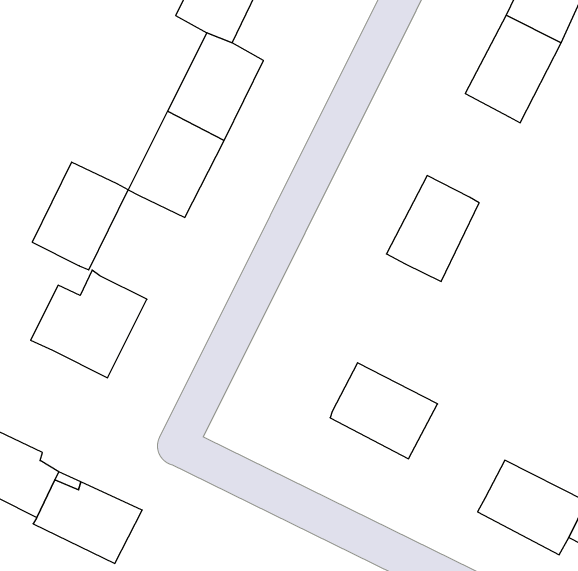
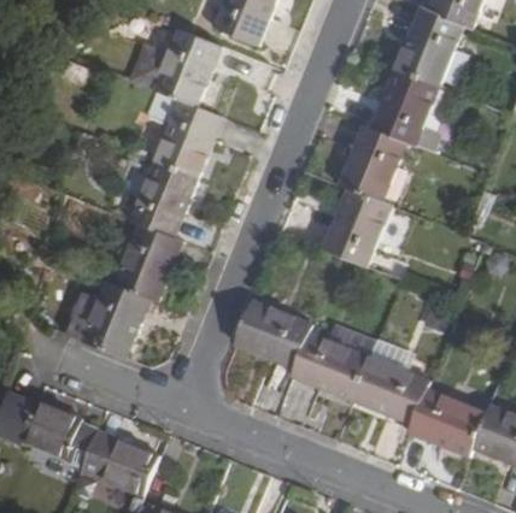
building: none -> [340,124,406,202]
building: [32,162,128,270] -> [115,222,182,300]
building: none -> [235,301,312,368]
building: none -> [353,356,429,423]

